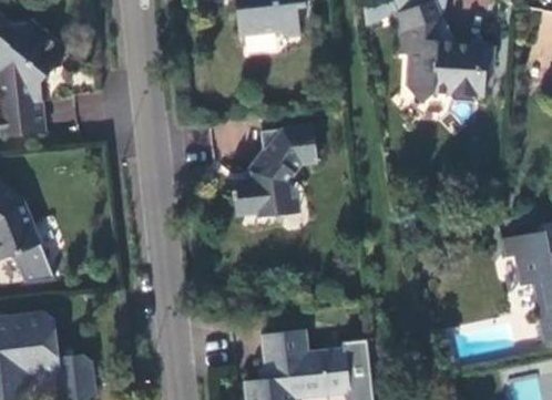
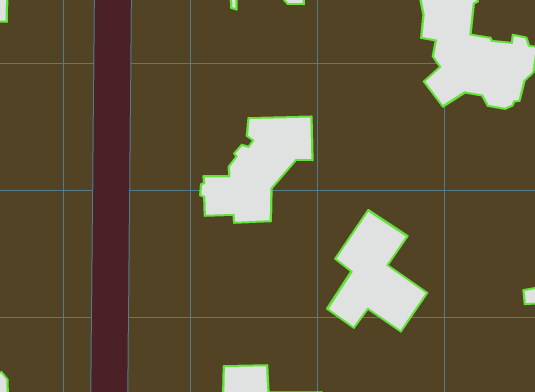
building: none -> [327,210,427,332]

